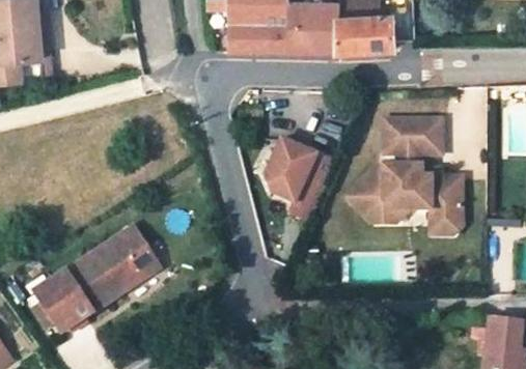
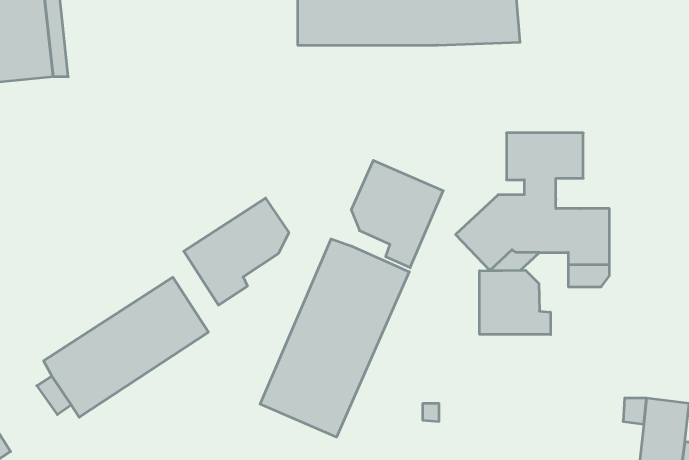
building: none -> [184,198,289,305]
building: none -> [260,239,409,437]
building: none -> [480,270,551,335]

